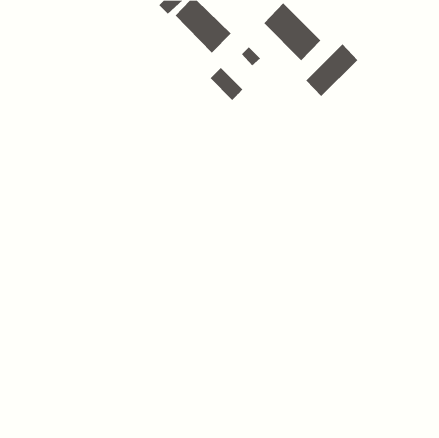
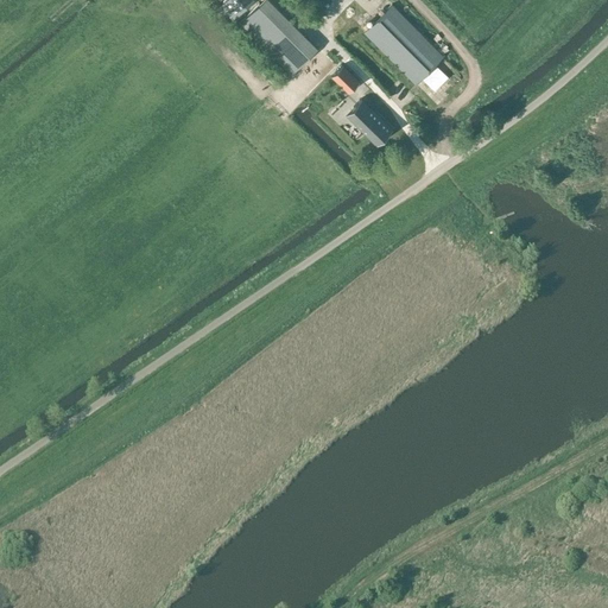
building: [306,44,358,97] -> none
building: [210,67,243,101] -> [347,100,393,146]

